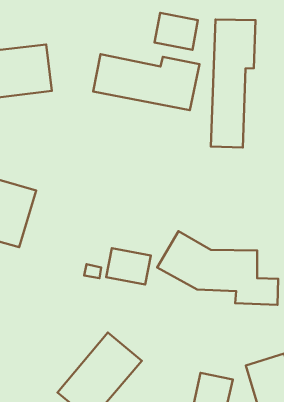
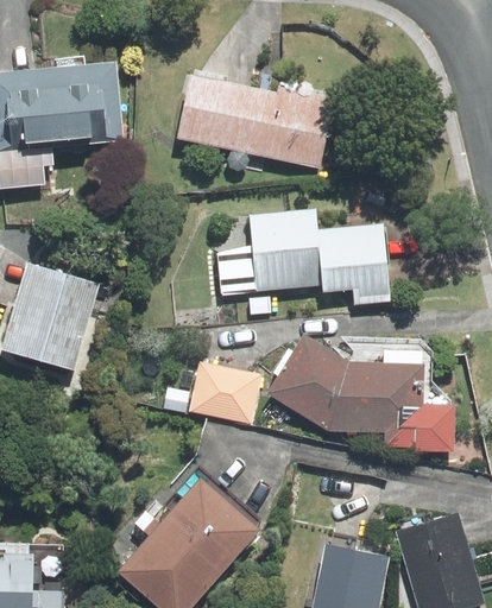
building: [154,13,198,50] -> none
building: [211,20,255,148] -> none
building: none -> [251,214,384,292]

